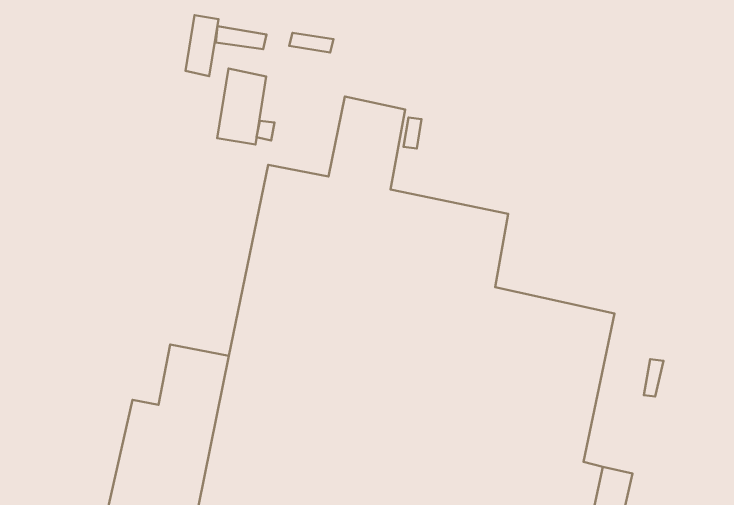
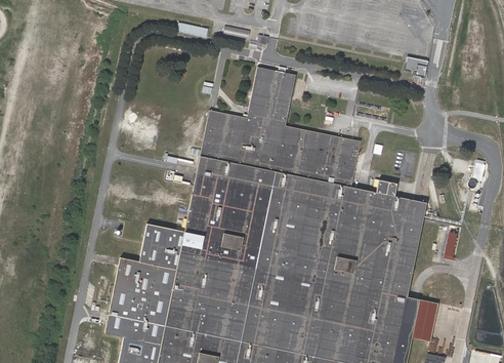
building: [185,15,219,76] -> none
building: [217,69,266,144] -> none

